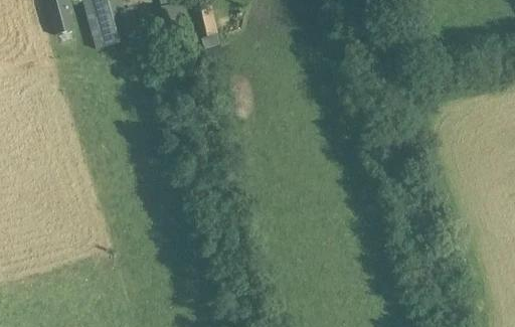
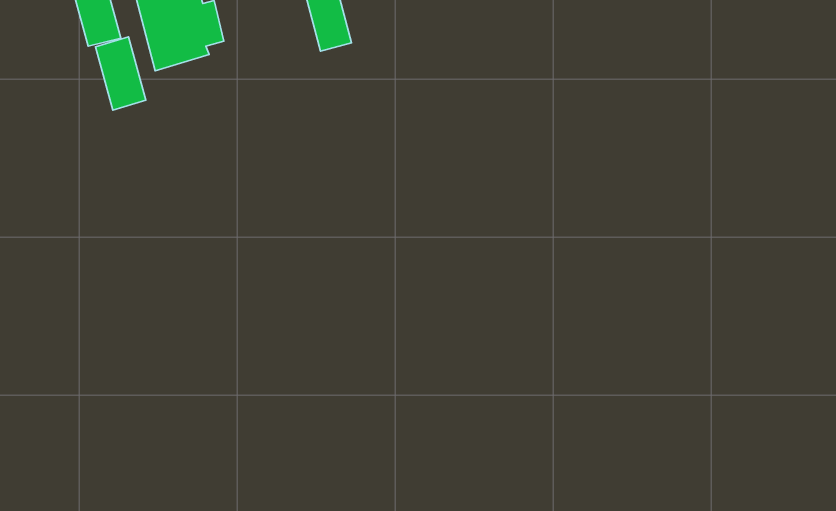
building: none -> [95,37,146,110]

